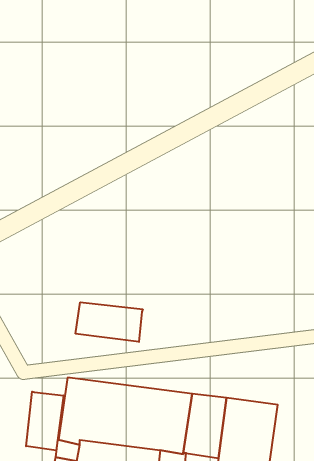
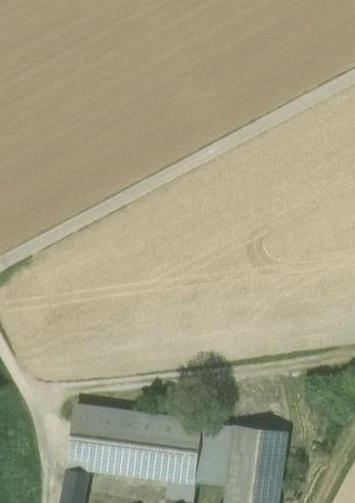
building: [76,302,143,342] -> none
building: [26,392,63,451] -> none

